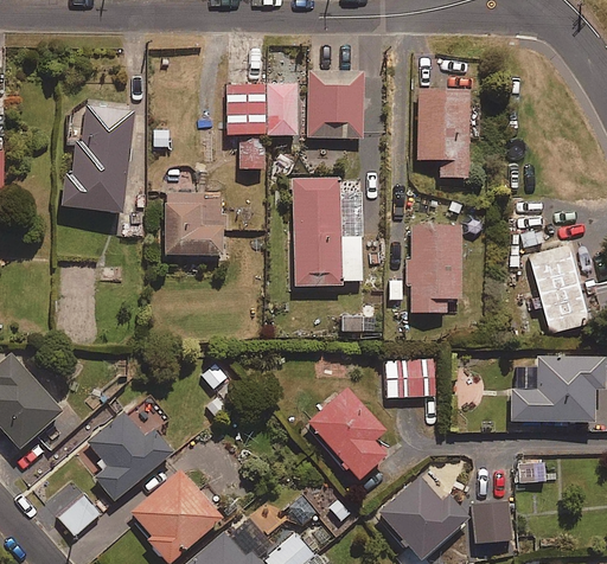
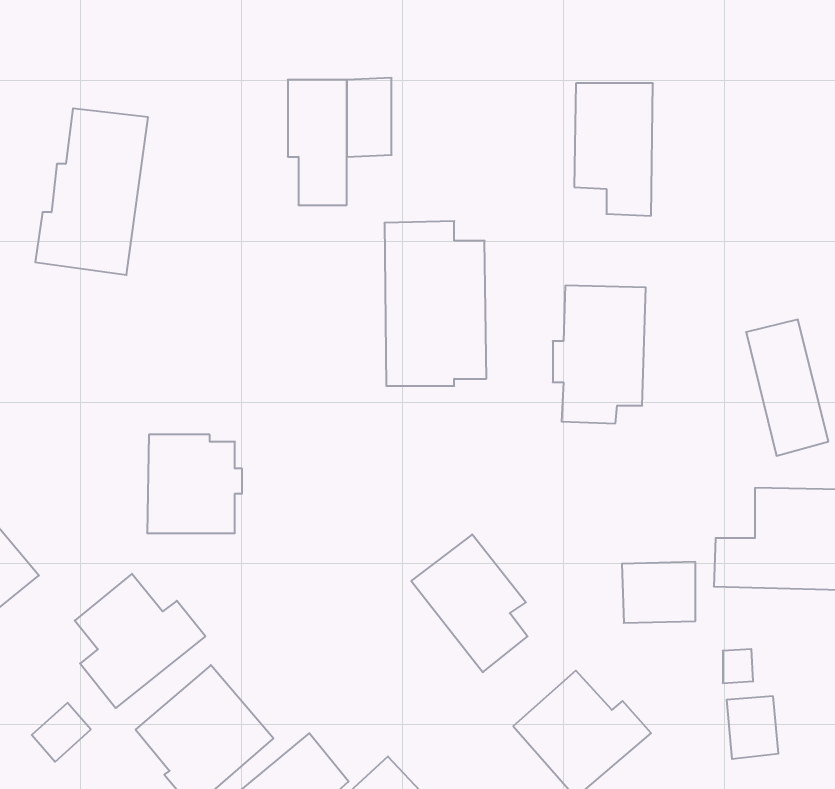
building: [306,70,363,139] -> none
building: [162,193,225,258] -> [147,435,242,533]
building: [385,358,434,398] -> [622,562,695,623]
building: [473,502,507,544] -> [727,696,778,759]

